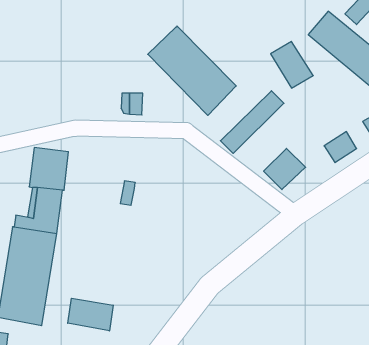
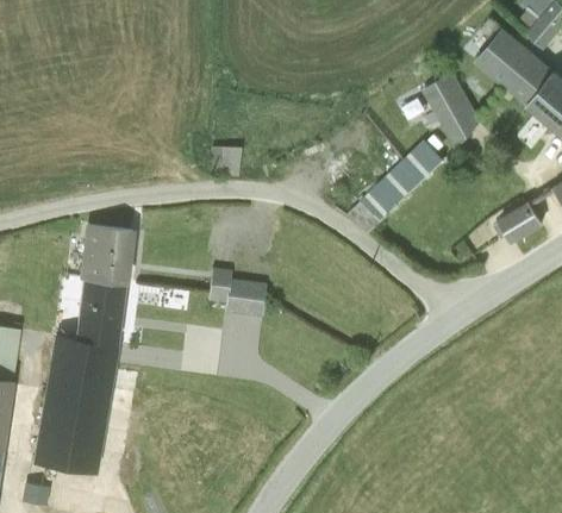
building: [148,26,236,115] -> none
building: [264,148,306,190] -> none
building: none -> [224,282,261,317]
building: [68,298,113,331] -> none

